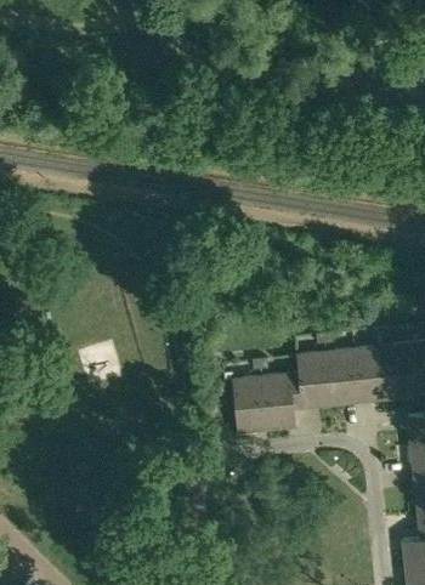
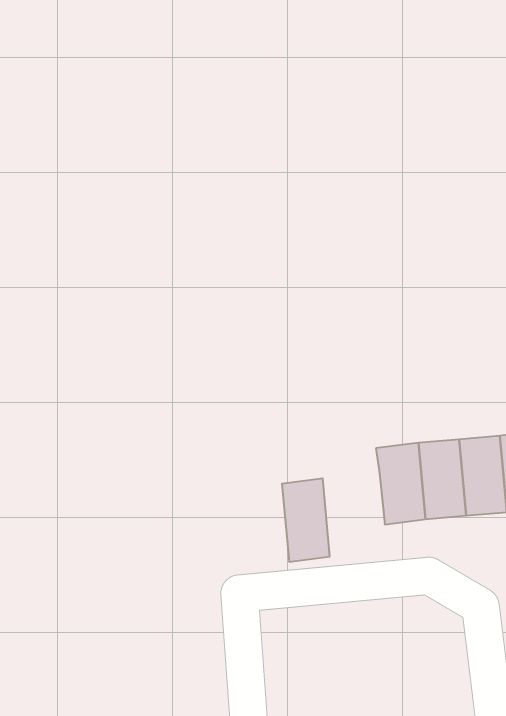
building: [260,373,302,430] -> none

